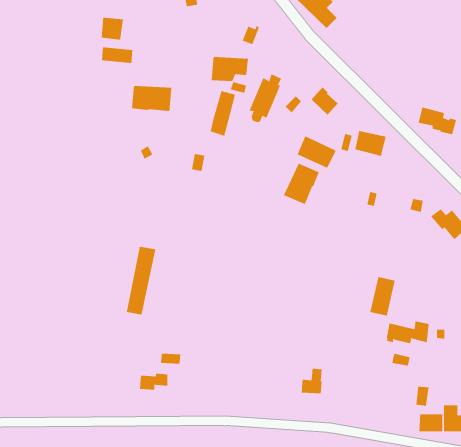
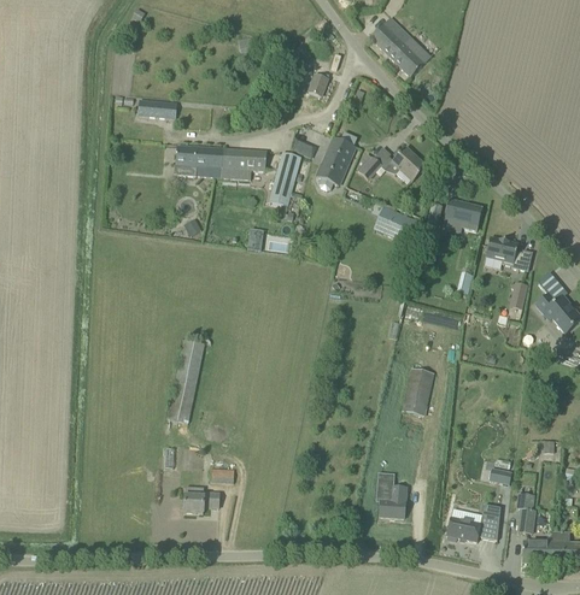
building: [101,17,124,41] -> none
building: [211,57,249,82] -> [221,147,266,177]
building: [418,107,457,135] -> [485,236,532,270]
building: [283,163,319,205] -> none
building: [369,276,395,316] -> [402,366,433,414]
building: [386,321,430,344] -> [446,513,499,541]

